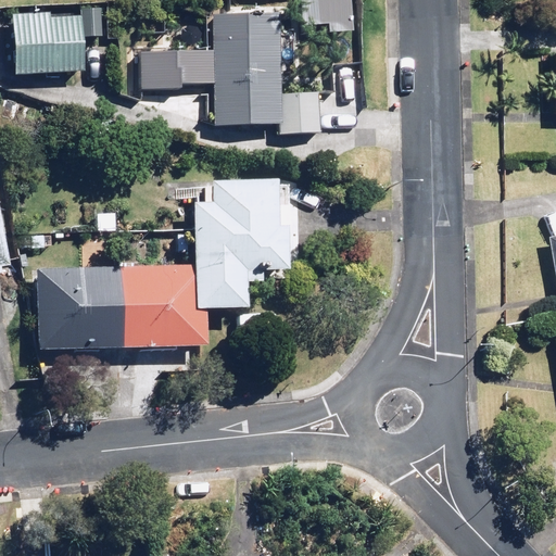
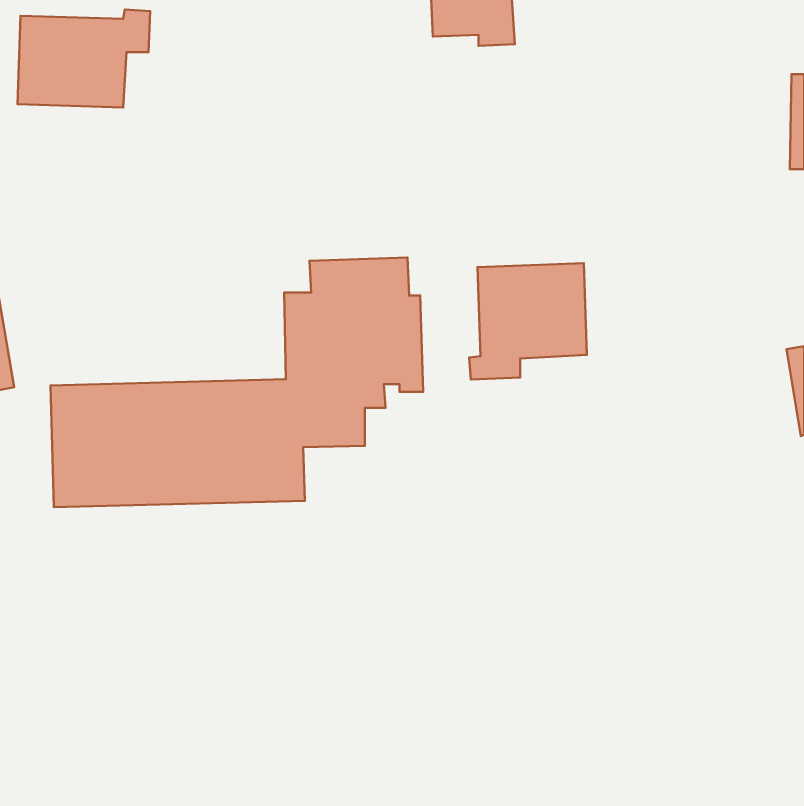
building: [136,16,320,134] -> none
building: none -> [469,263,587,379]

